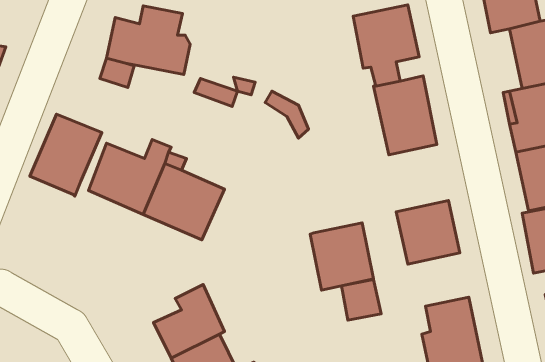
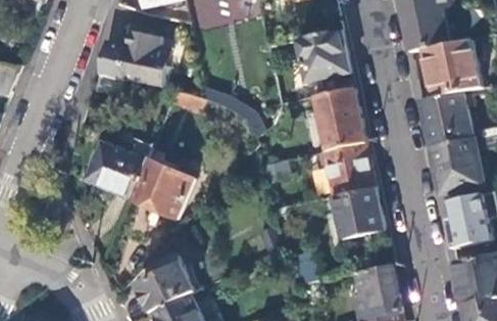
building: [30,114,102,196] -> none
building: [310,223,374,290] -> [322,142,374,196]

